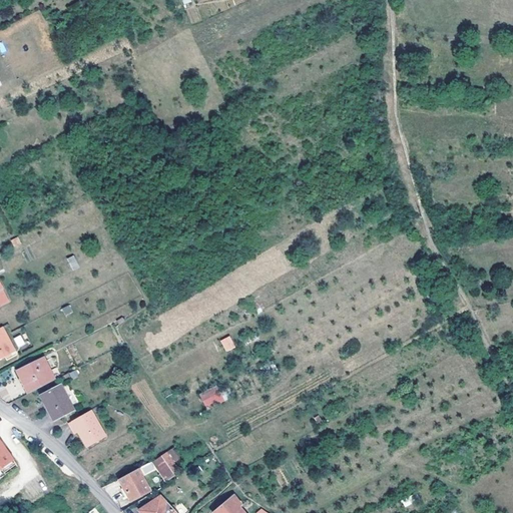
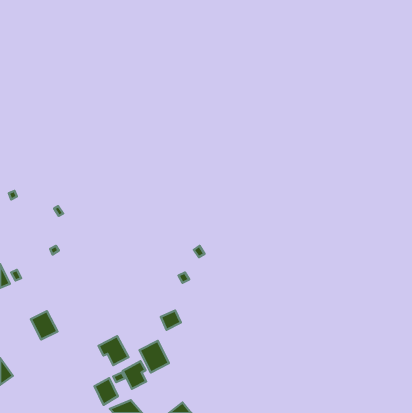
building: [14,357,53,395] -> none
building: [67,410,104,446] -> [99,336,128,365]
building: none -> [140,341,169,373]

